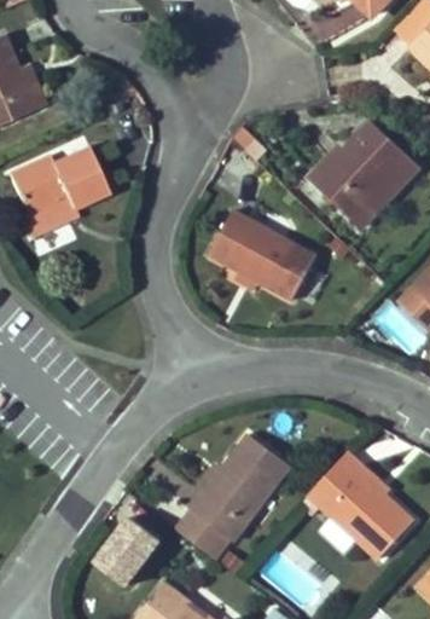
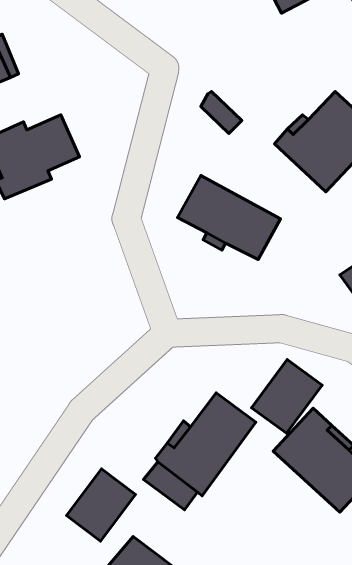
building: none -> [252,360,322,433]

